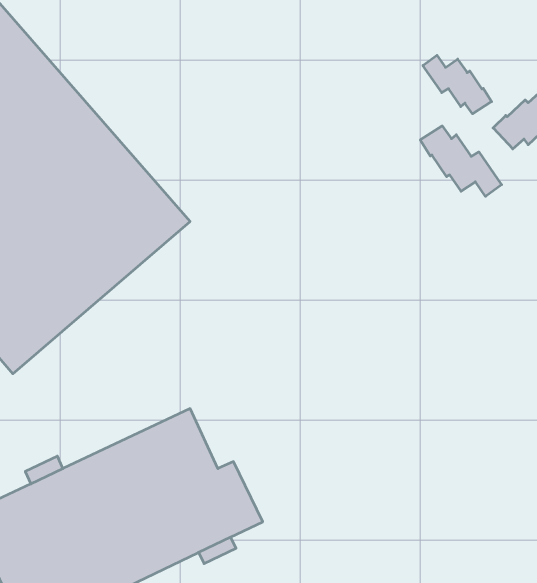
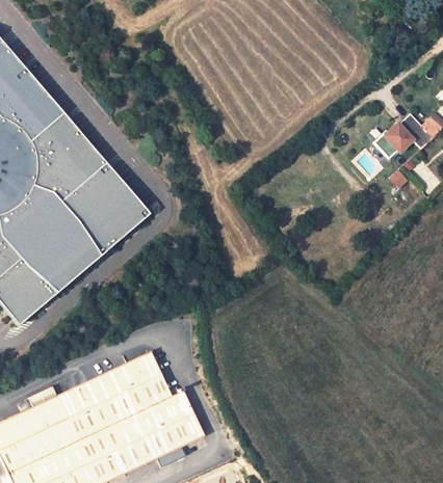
building: [423,55,492,114] -> none
building: [420,126,502,196] -> none

